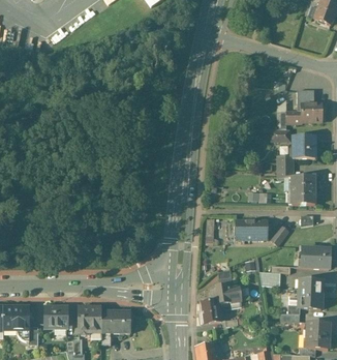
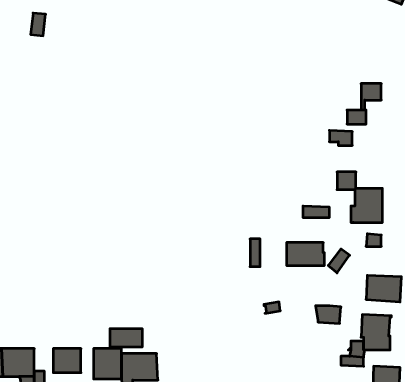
building: [300,102,321,121] -> none
building: [293,136,314,156] -> none
building: [198,284,240,322] -> none
building: none -> [110,329,142,347]

